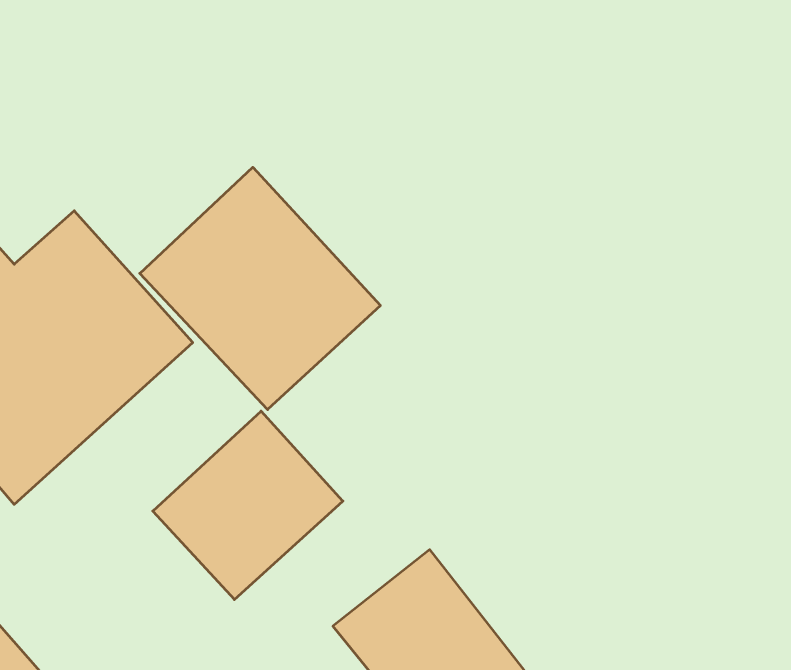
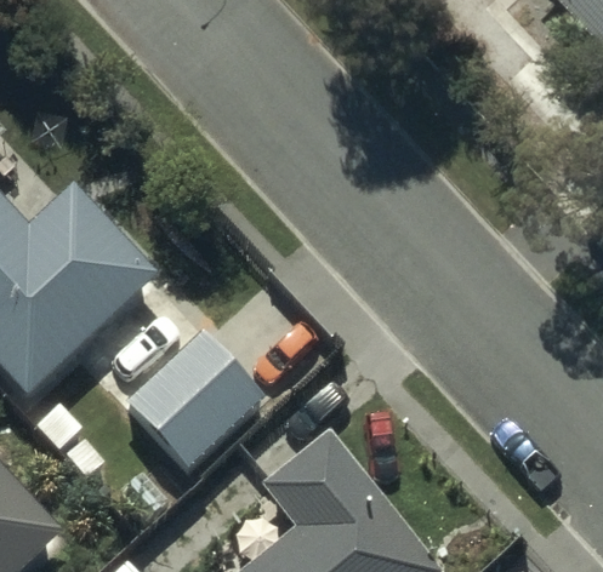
building: [140,167,380,410] -> none

